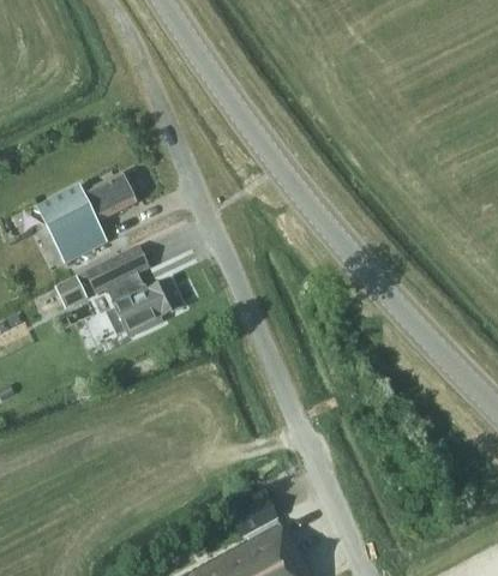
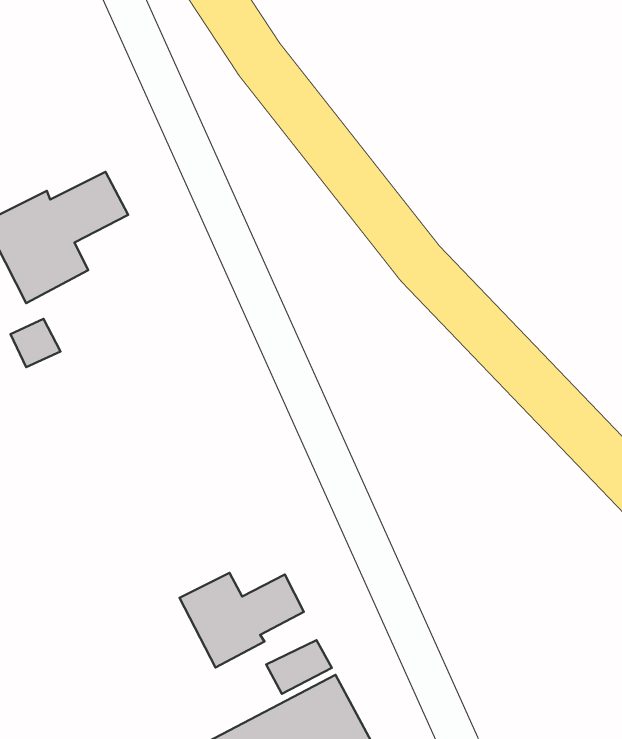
building: [84,245,182,338] -> none
building: none -> [179,573,304,668]

